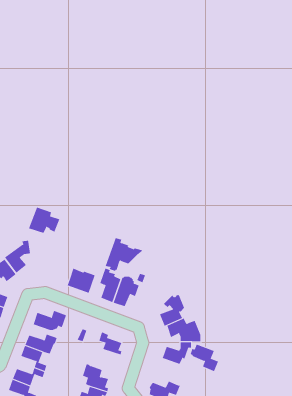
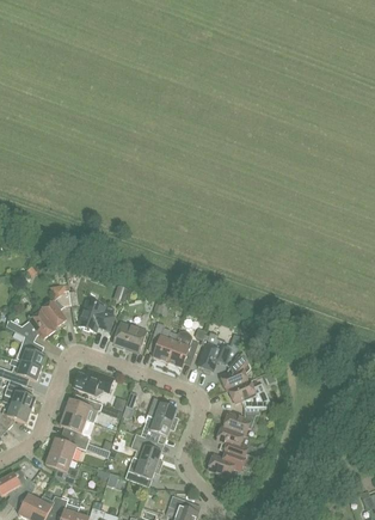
building: [28,207,60,234] -> [76,300,113,331]
building: [105,237,143,271] -> [197,332,241,372]
building: [190,344,219,372] -> [214,426,247,458]
building: none -> [140,414,176,440]

